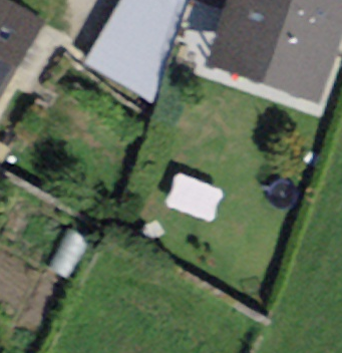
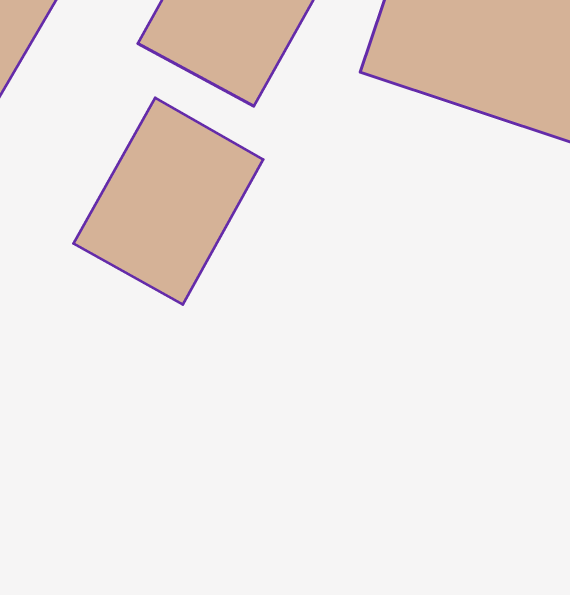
building: none -> [73,98,263,305]

